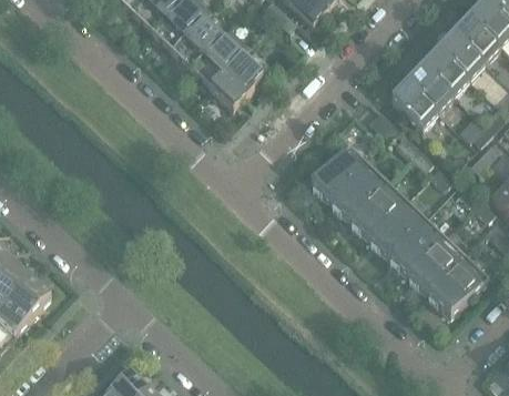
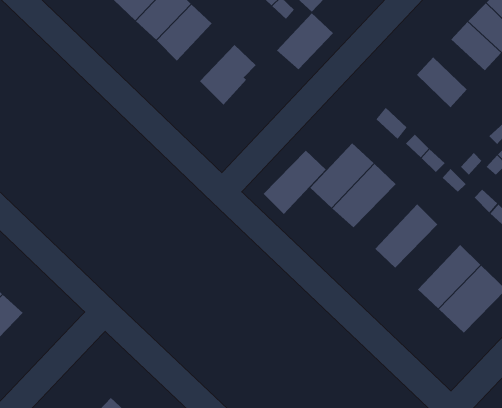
building: [190,32,242,84] -> [276,12,334,70]
building: [421,47,468,92] -> none
building: [390,79,437,125] -> none
building: [349,177,407,236] -> [263,150,327,215]
building: [387,214,446,273] -> none

